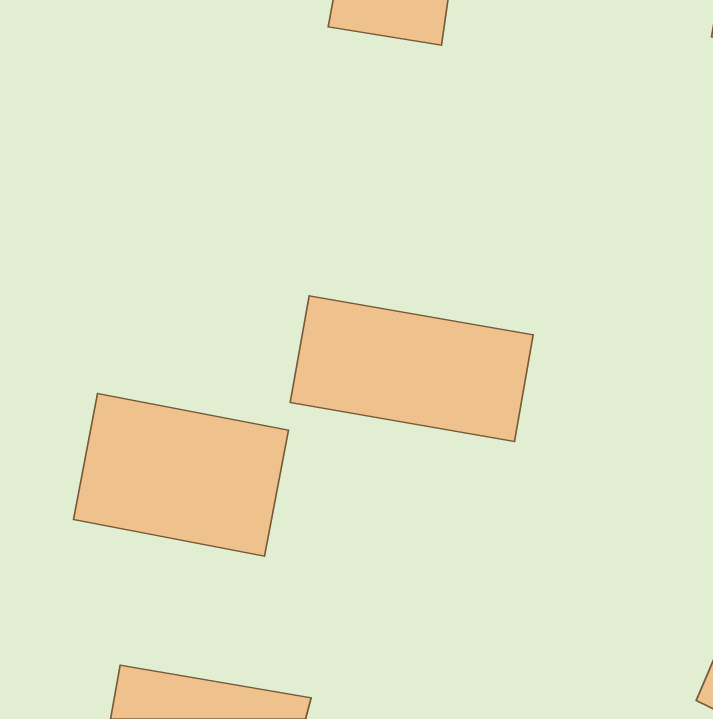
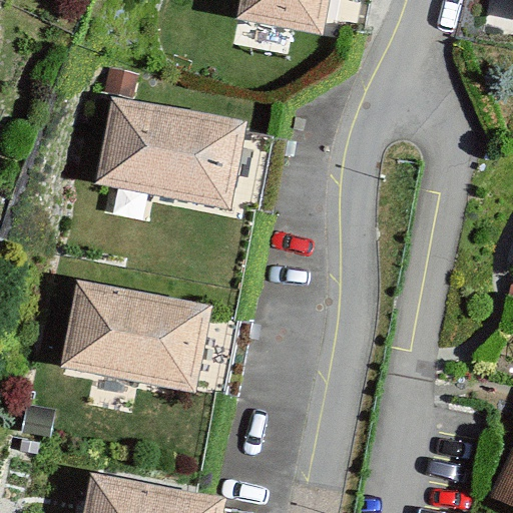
building: none -> [98,98,245,208]
building: [290,296,533,441] -> none

